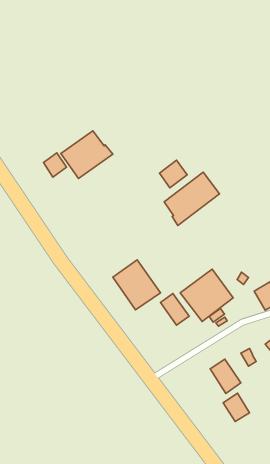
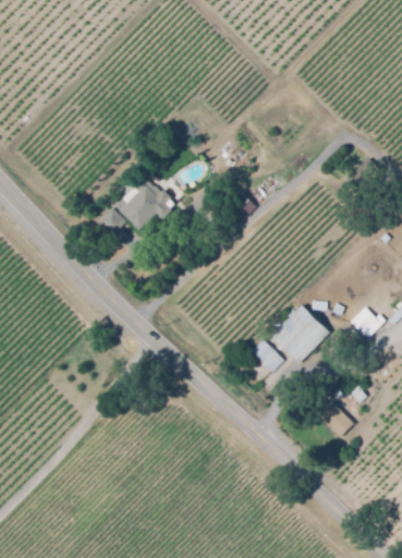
building: [164,172,219,225] -> none
building: [113,260,161,310] -> none
building: [223,393,249,422] -> none

